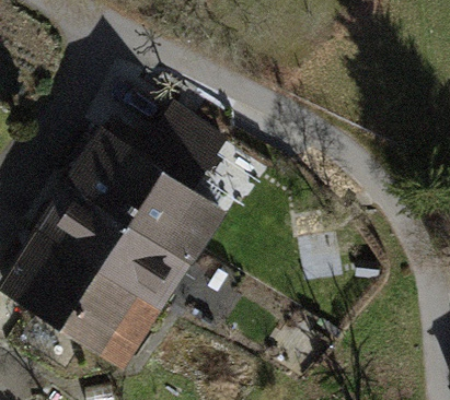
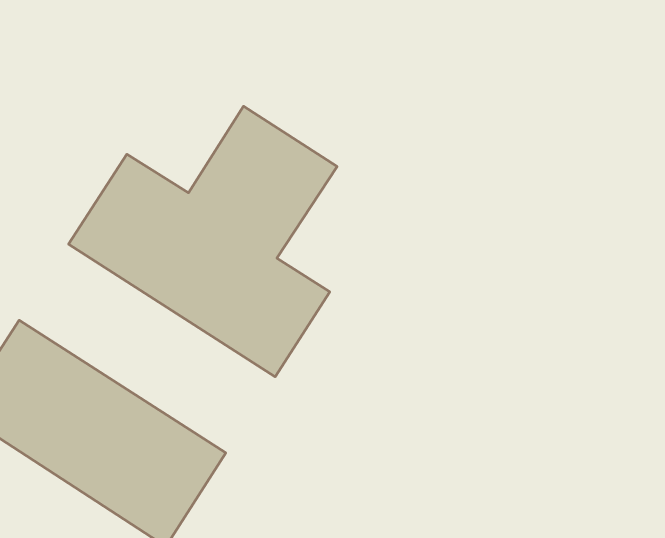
building: [42,190,200,319] -> none

